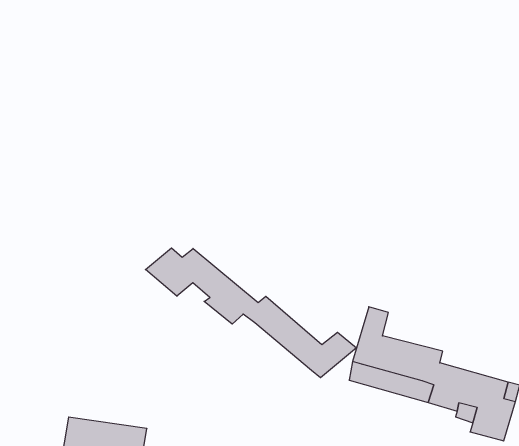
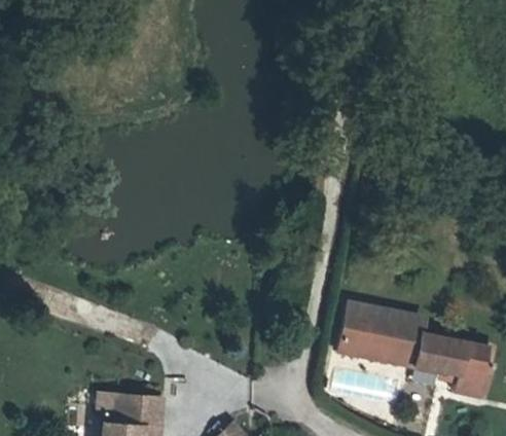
building: [145,248,357,378] -> none

